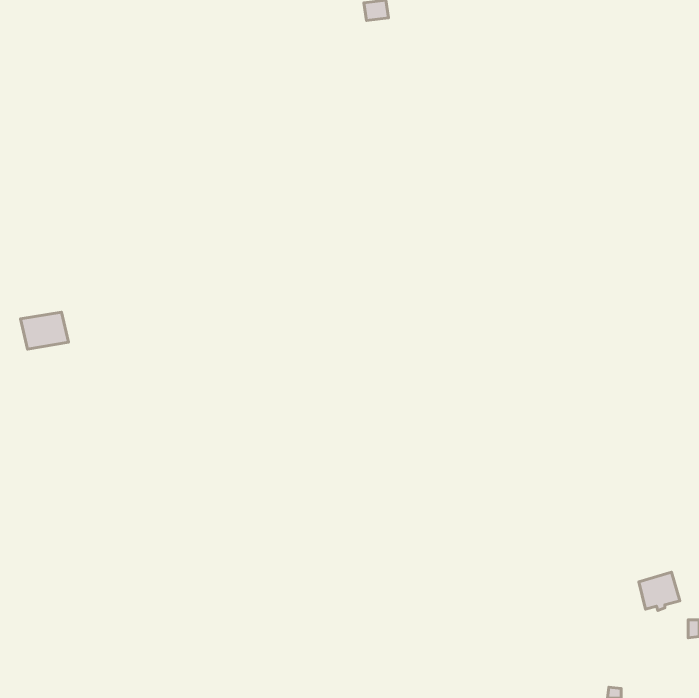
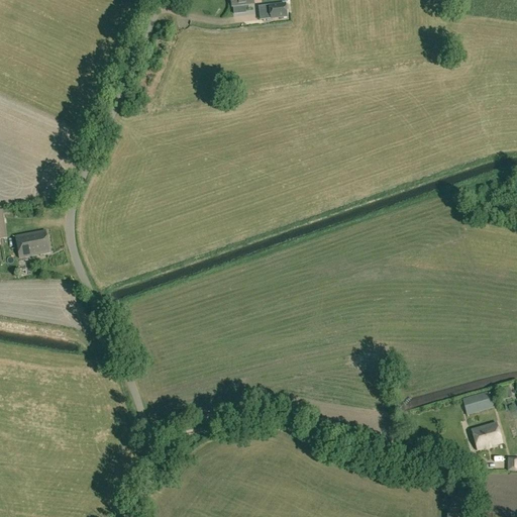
building: none -> [462,392,493,415]

